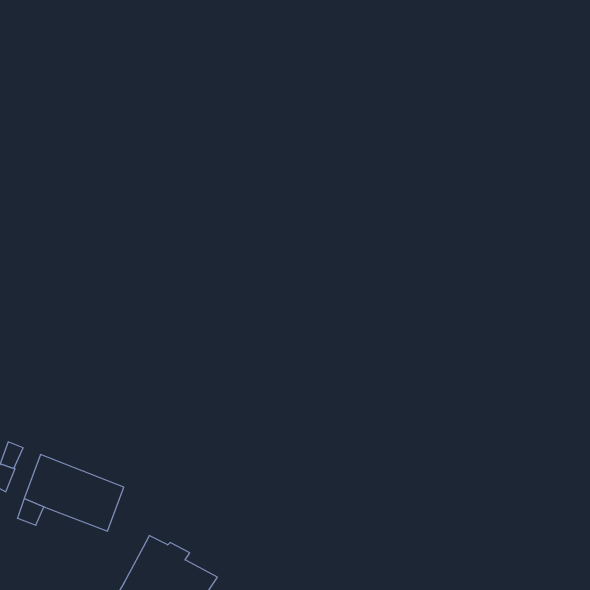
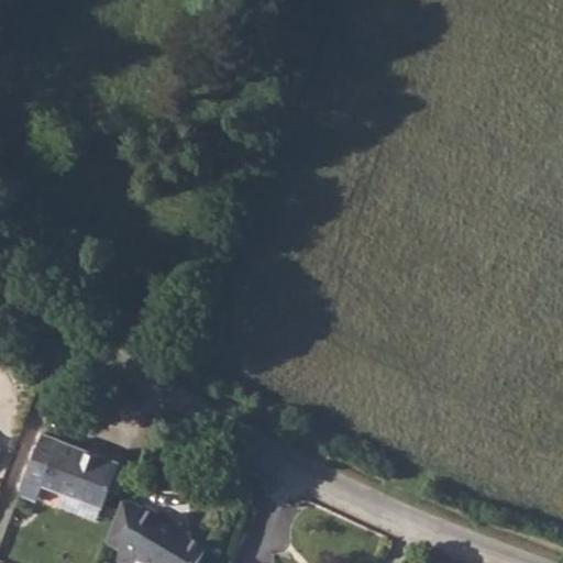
building: none -> [103,503,141,555]

